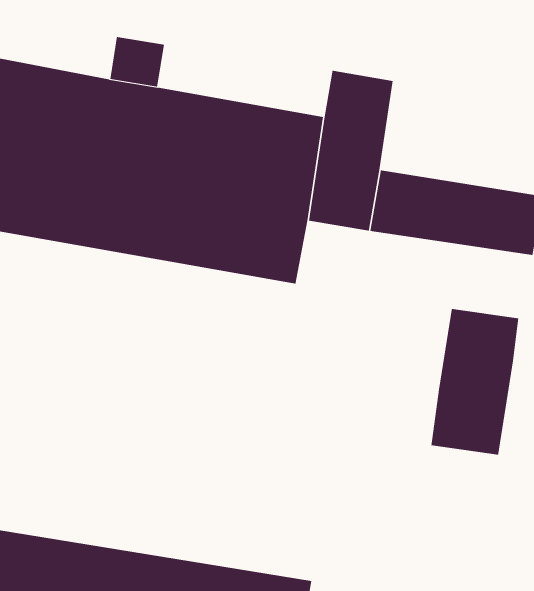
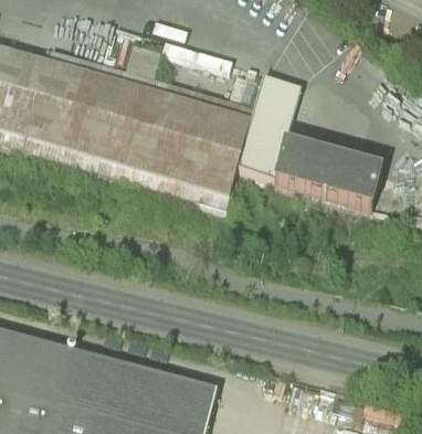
building: [431,308,519,455] -> none

